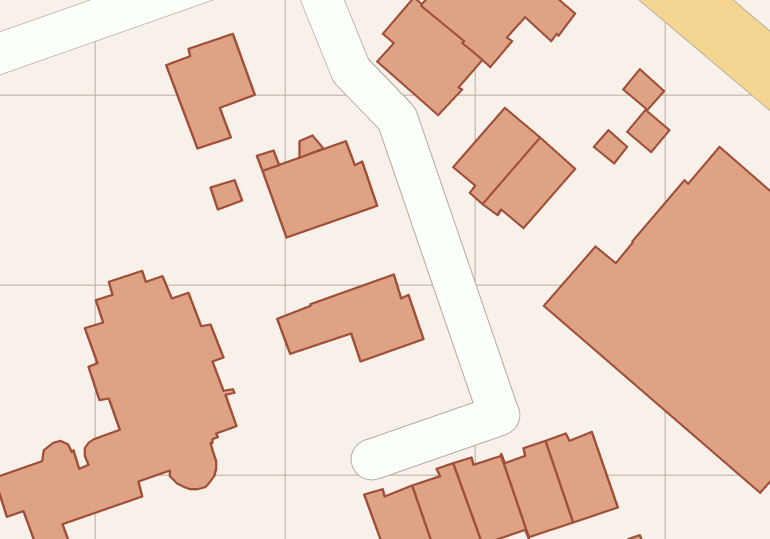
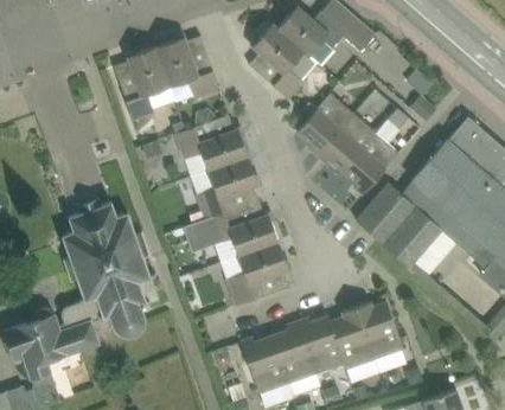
building: none -> [156,36,220,101]
building: none -> [343,133,399,194]
building: none -> [191,156,260,219]
building: none -> [220,242,289,306]

